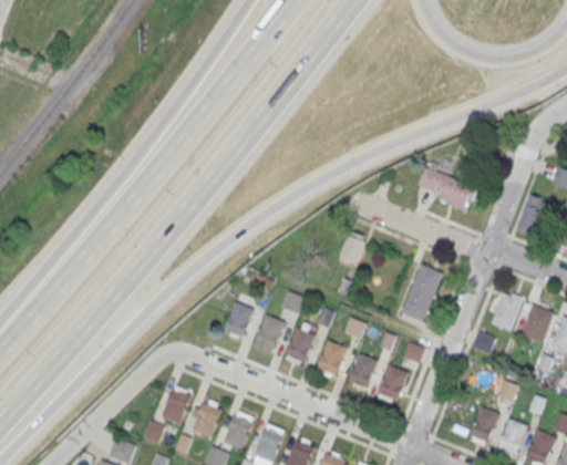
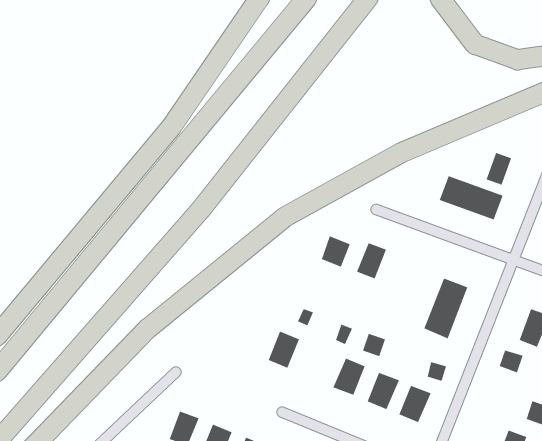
building: none -> [486,152,512,185]
building: none -> [321,235,350,267]
building: [223,301,252,337] -> none
building: [286,328,316,363] -> none

